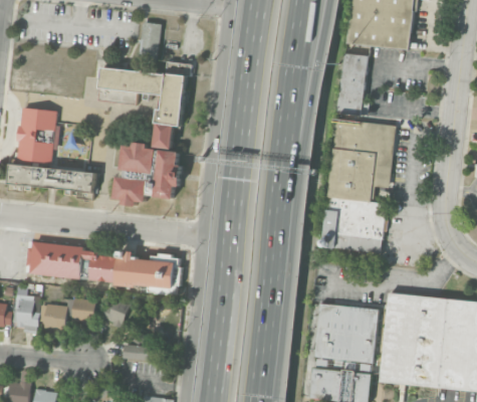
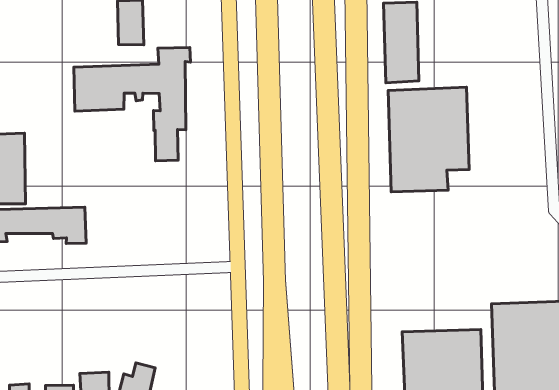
building: [114,143,181,206] -> none
building: [321,196,387,253] -> none
building: [30,242,181,293] -> none

